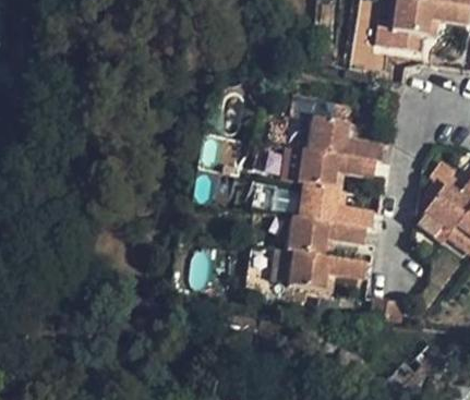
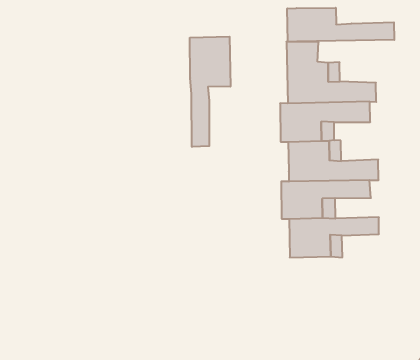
building: none -> [287,8,394,42]
building: none -> [190,37,230,147]

